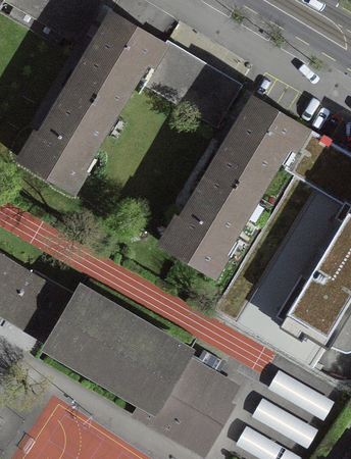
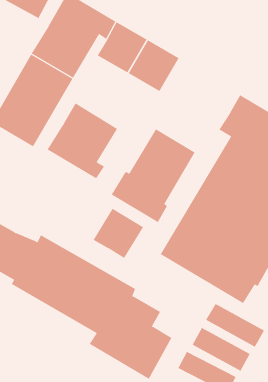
building: [212,96,309,196] -> none
building: none -> [47,103,118,179]
building: none -> [93,208,144,259]

